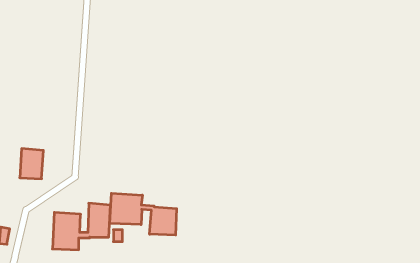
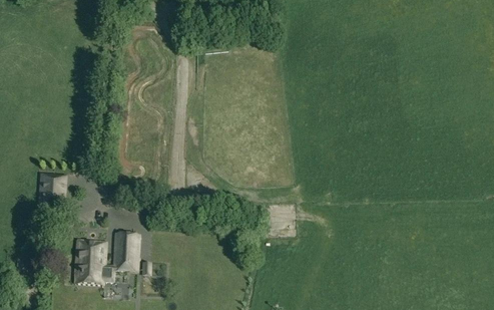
building: [110,193,177,235] -> none

